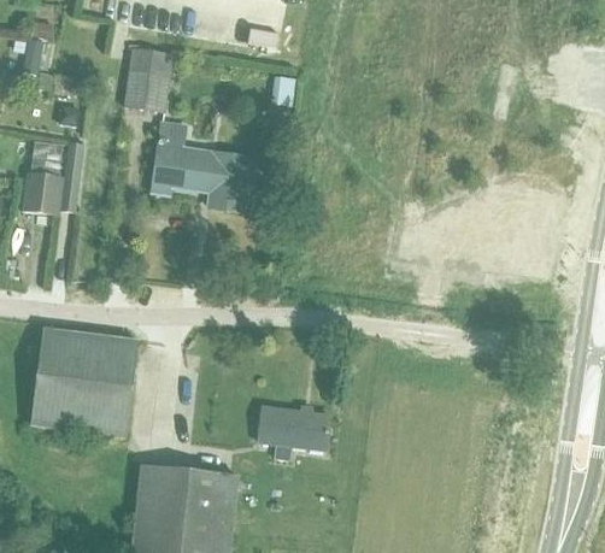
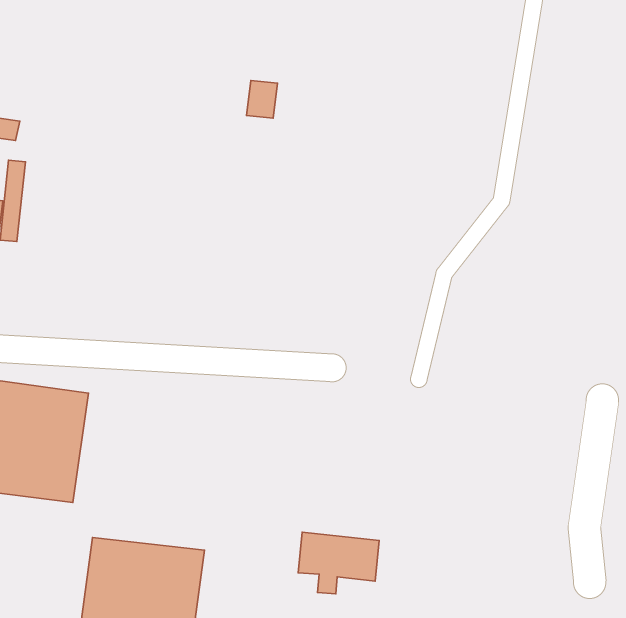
building: [125,53,172,108] -> none
building: [153,119,255,208] -> none
building: [257,405,327,458] -> [298,532,379,594]

